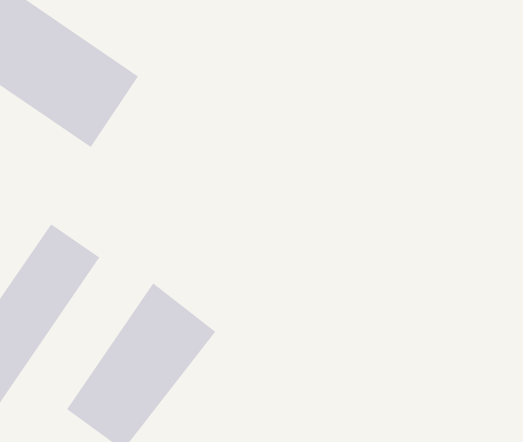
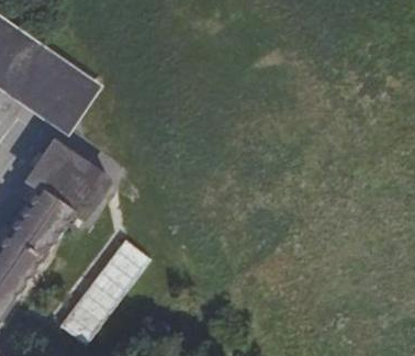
building: none -> [26,144,109,219]

